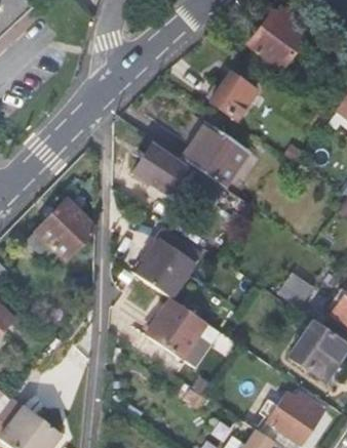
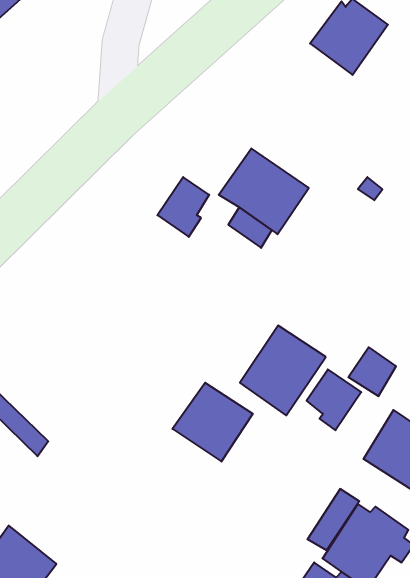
building: [210,73,255,117] -> none
building: [28,199,95,259] -> none
building: [137,229,201,296] -> [240,326,326,415]
building: none -> [307,369,361,430]

